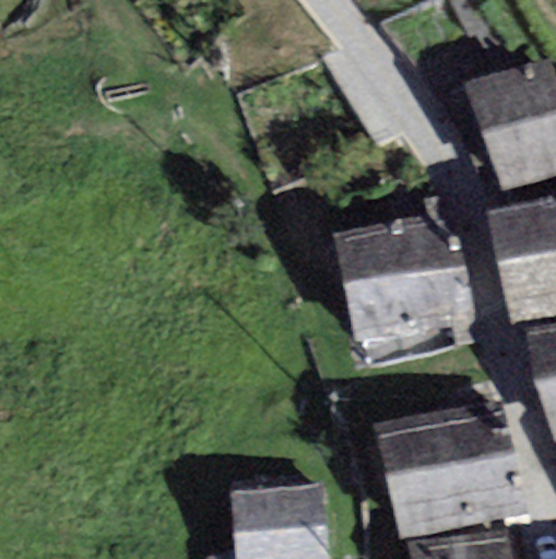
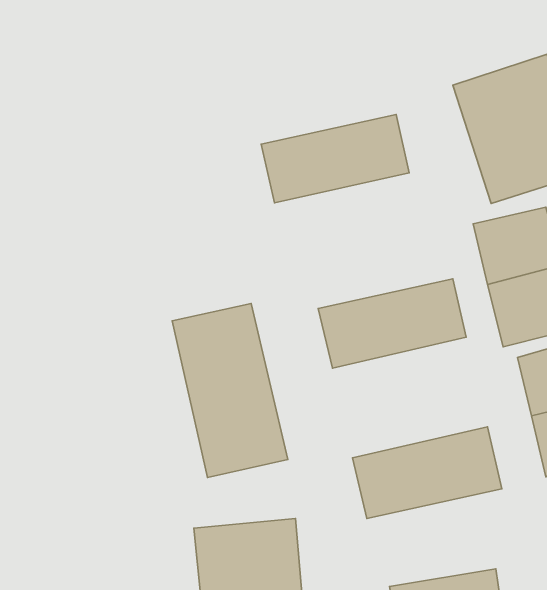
building: [331,210,466,290] -> [261,114,409,203]
building: none -> [172,303,288,477]
building: [388,455,524,540] -> none

